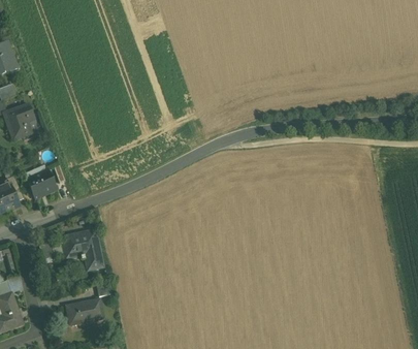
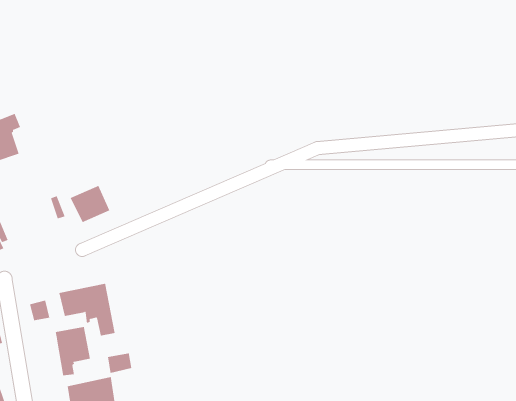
building: [26,169,56,197] -> [70,185,110,223]
building: none -> [55,326,91,376]

